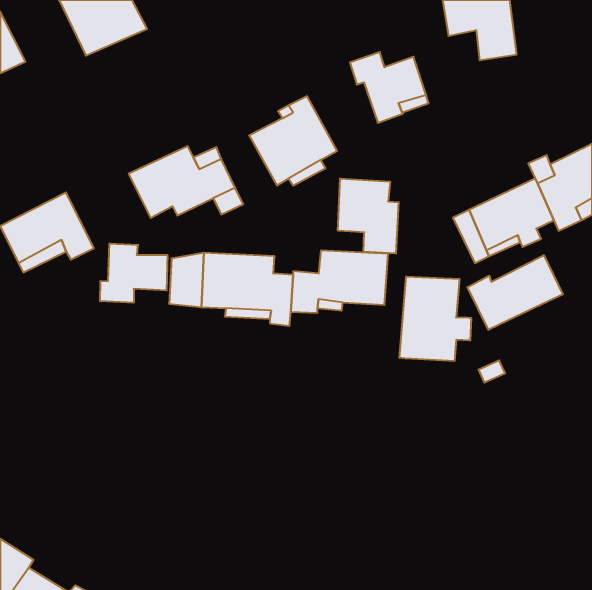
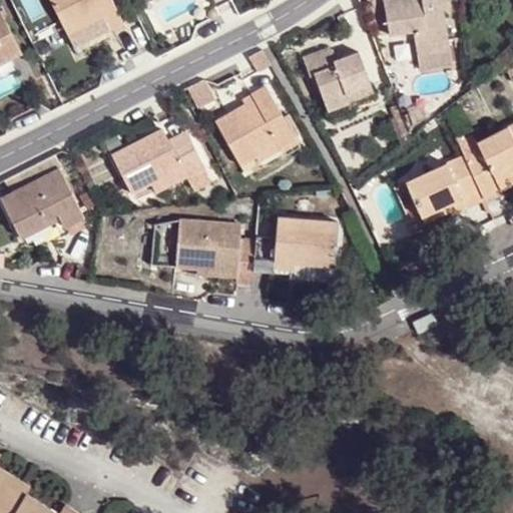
building: [338,178,399,254] -> none
building: [100,243,167,303] -> none
building: [467,255,563,330] -> none
building: [399,276,471,361] -> none

